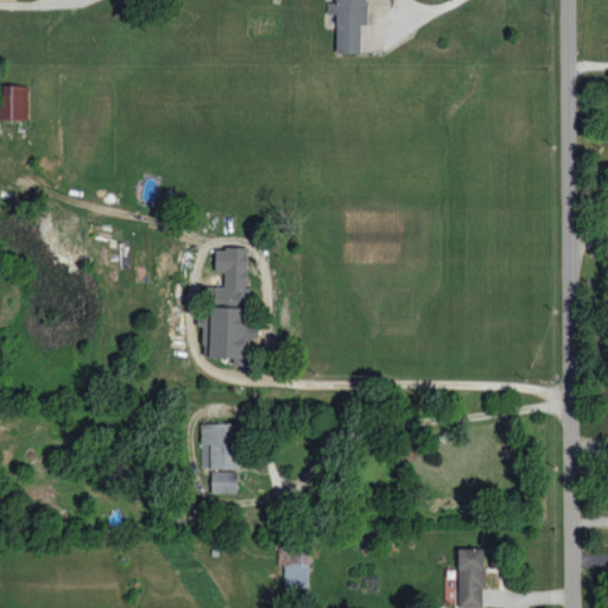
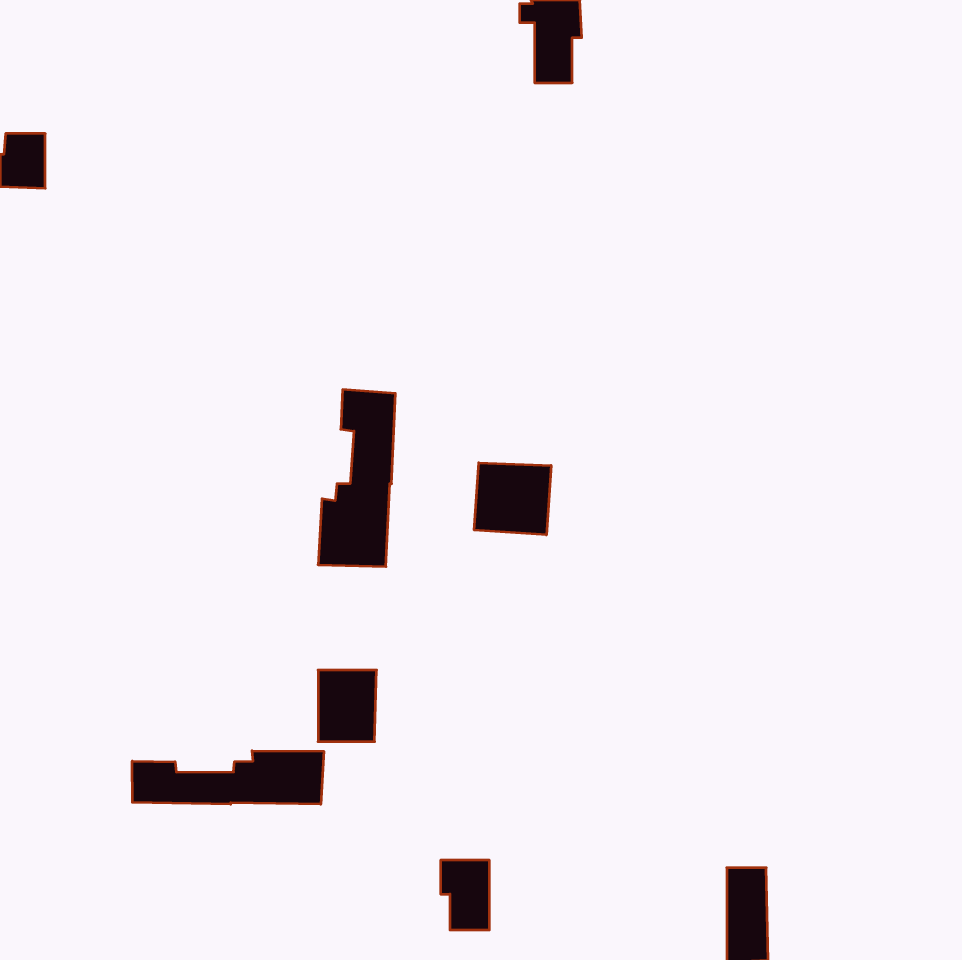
building: none -> [474,463,551,535]
building: [210,471,238,493] -> none
building: none -> [132,751,324,804]

